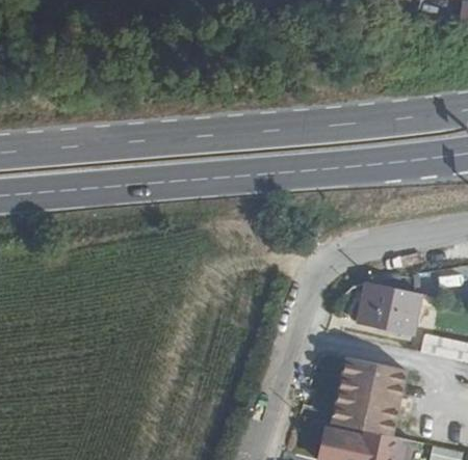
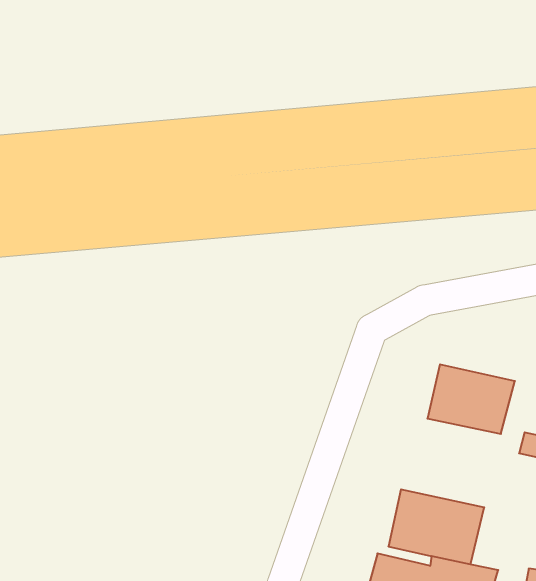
building: [337,359,405,397] -> none

